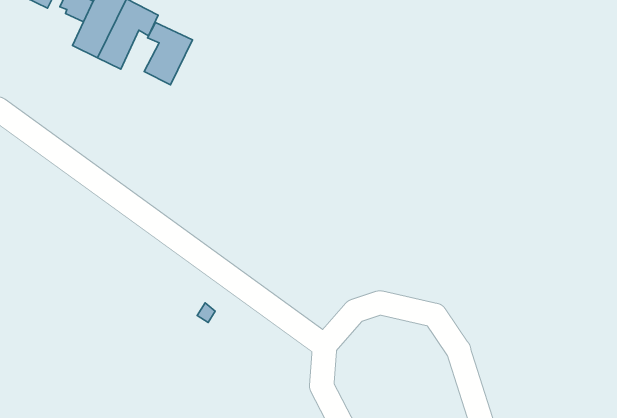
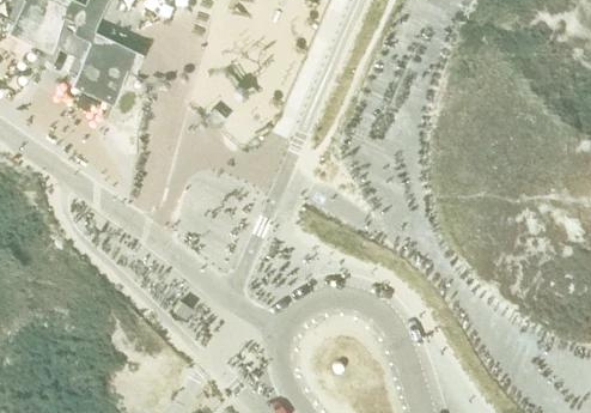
building: [144,23,193,85] -> none

